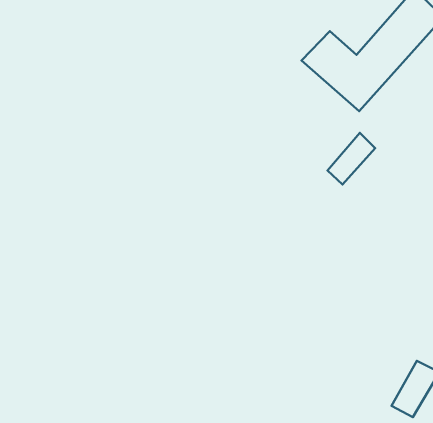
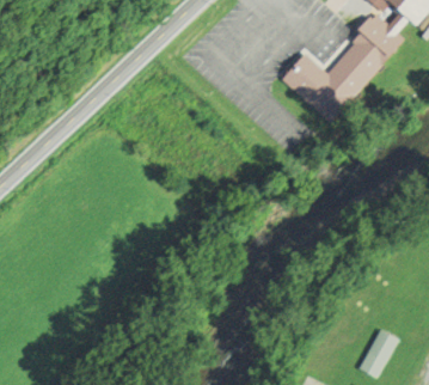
building: [327,133,375,185] -> none

